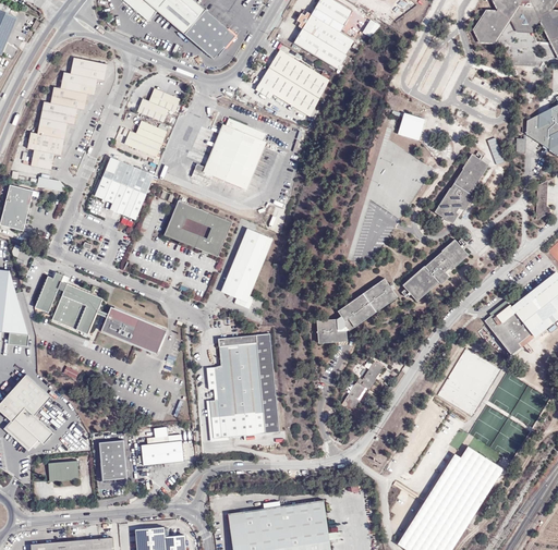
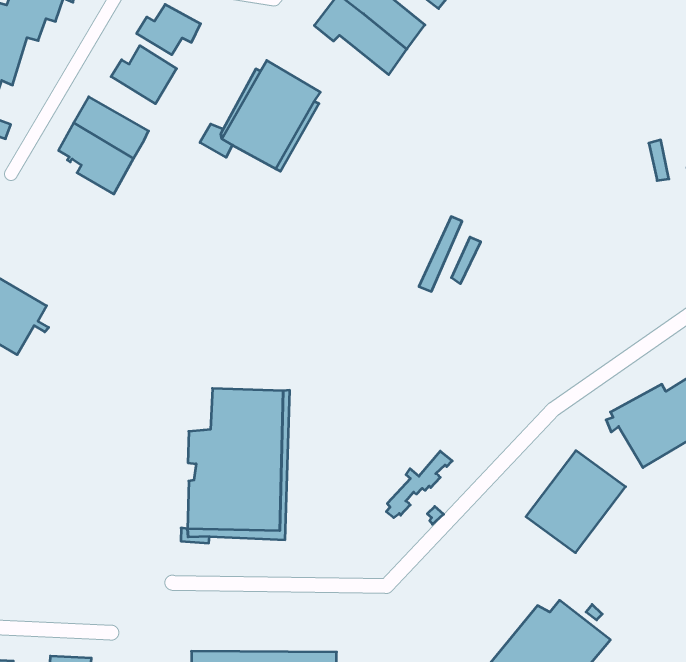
building: [398,114,425,142] -> none
building: [434,155,487,223] -> none
building: [163,199,231,256] -> none
building: [220,228,272,308] -> none
building: [402,241,468,301] -> none
building: [316,279,396,341] -> none
building: [100,306,166,353] -> none
building: [99,439,126,476] -> none
building: [141,441,183,465] -> none

